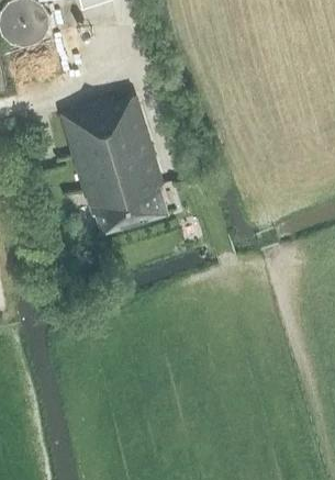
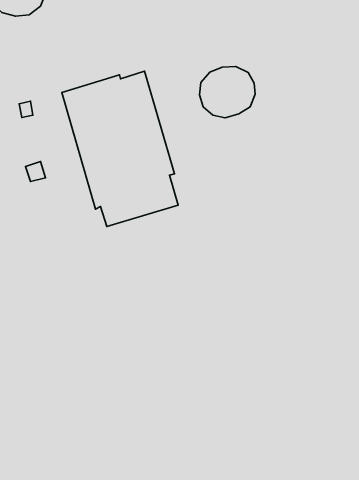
building: none -> [200,66,255,118]

